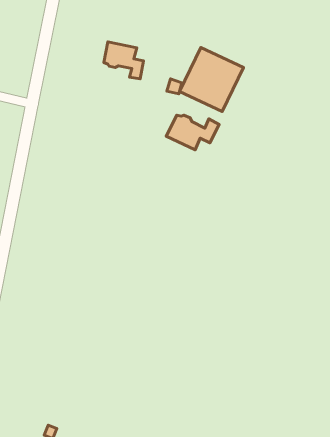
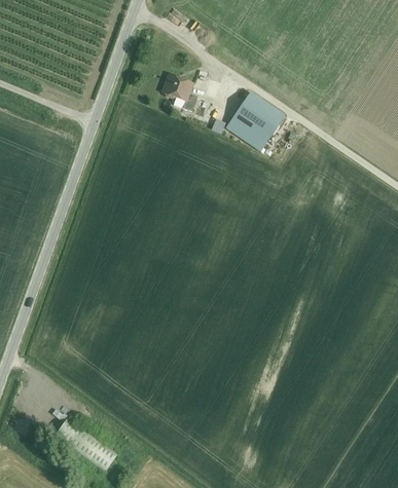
building: [166,115,219,150] -> none

